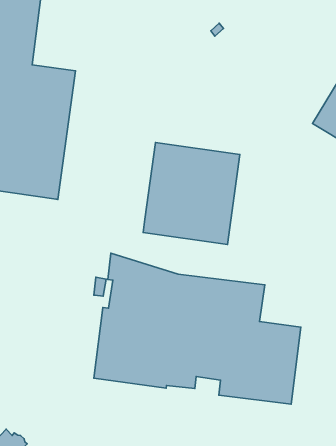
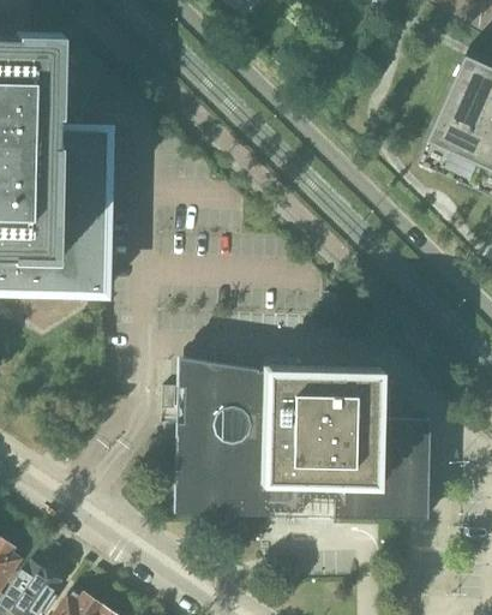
building: [143,143,240,244] -> none

